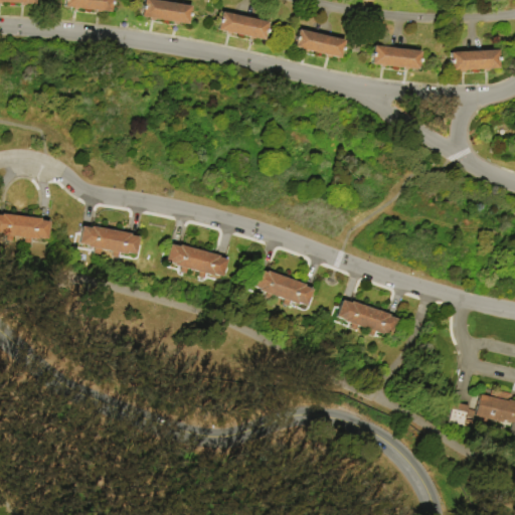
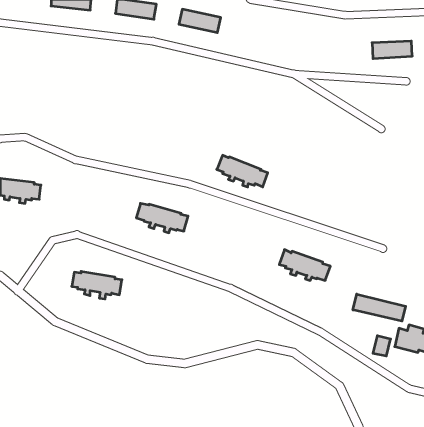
building: [296,28,346,57] -> none
building: [373,45,421,68] -> none
building: [81,226,142,260] -> [72,271,122,299]
building: [254,269,316,307] -> [217,155,268,187]
building: none -> [353,294,406,321]

